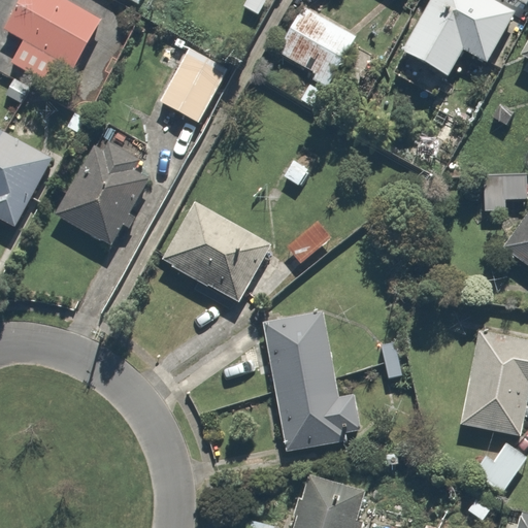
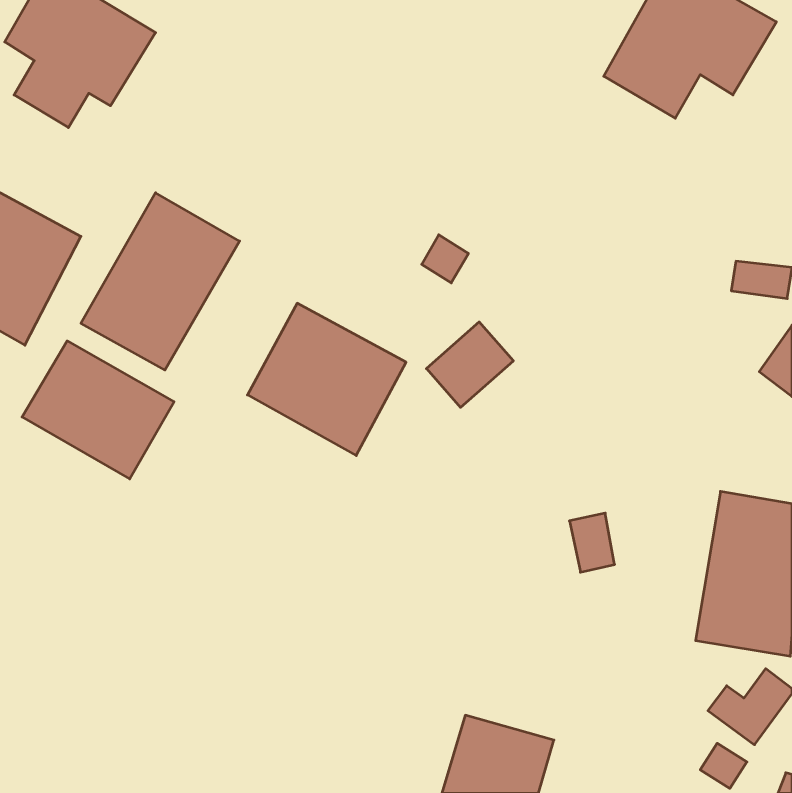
building: [275,4,356,84] -> none
building: [158,46,229,124] -> none
building: none -> [22,341,174,479]
building: [263,314,362,453] -> none

